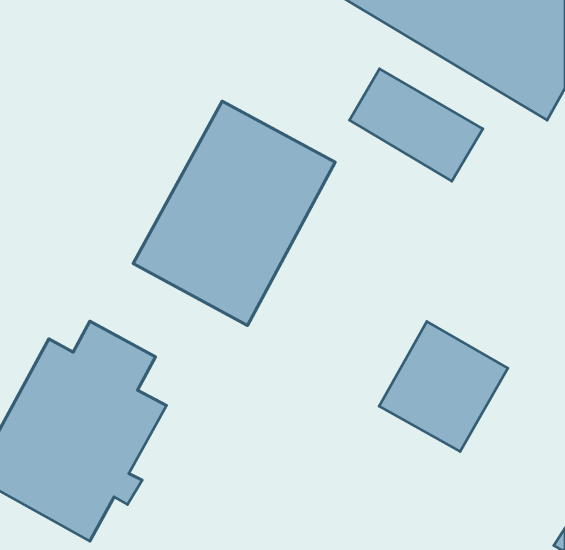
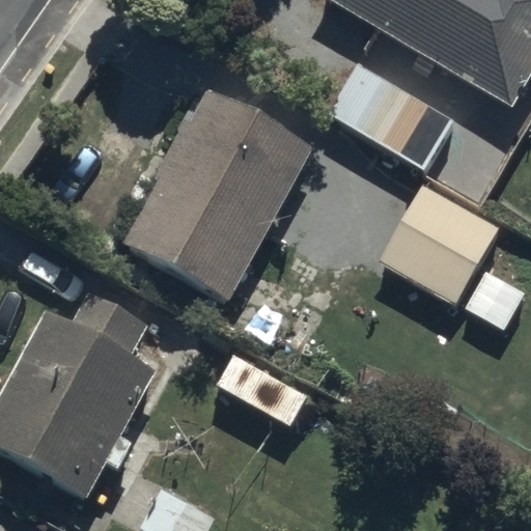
building: [379,322,508,452] -> [378,184,498,305]

